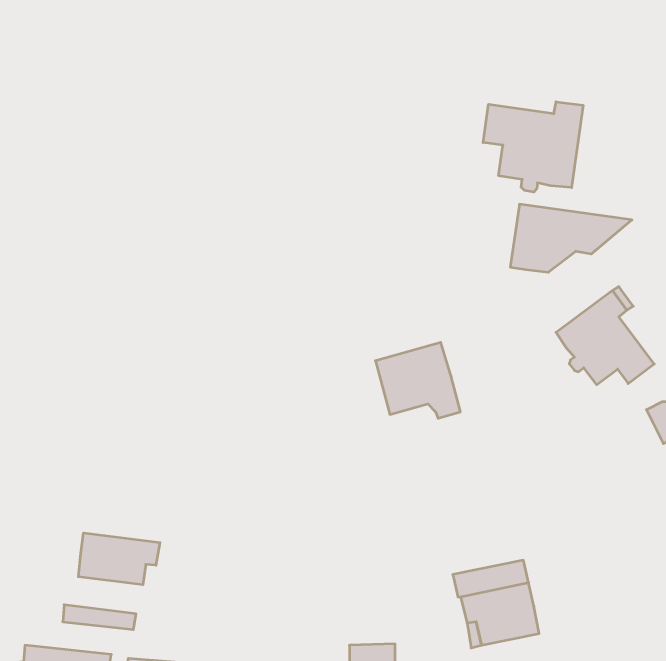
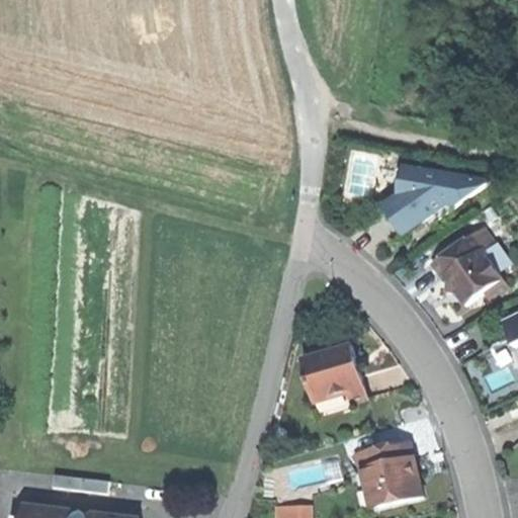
building: [483,102,583,192] -> none
building: [375,342,460,418] -> [299,343,365,402]
building: [78,533,160,585] -> none

